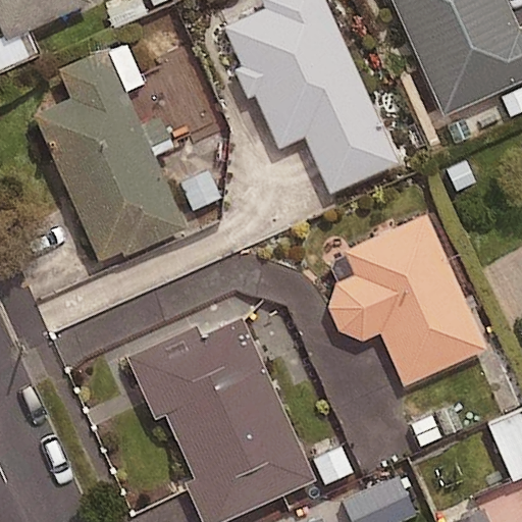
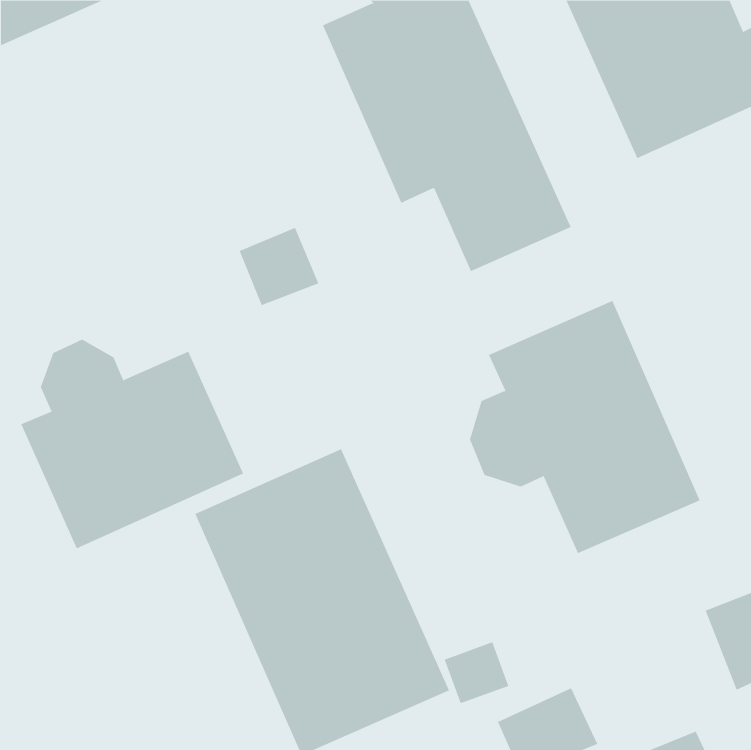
building: [33,45,184,260] -> none
building: none -> [21,339,244,549]

